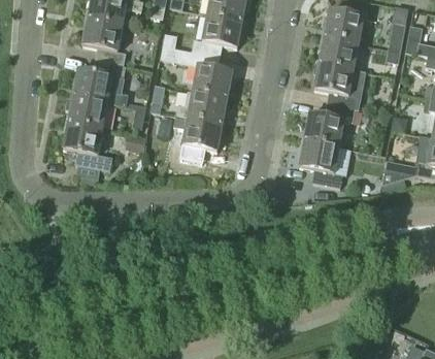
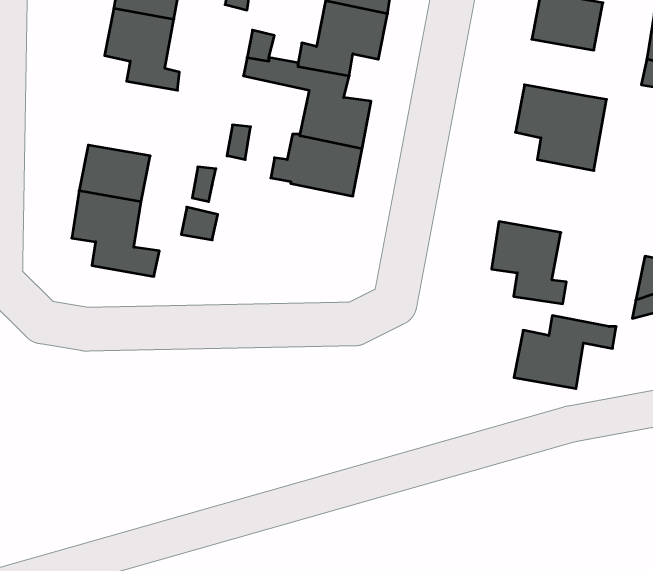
building: [319,37,358,69] -> none
building: [72,61,128,106] -> none
building: [304,105,362,146] -> [514,316,616,389]
building: [171,116,222,161] -> none

